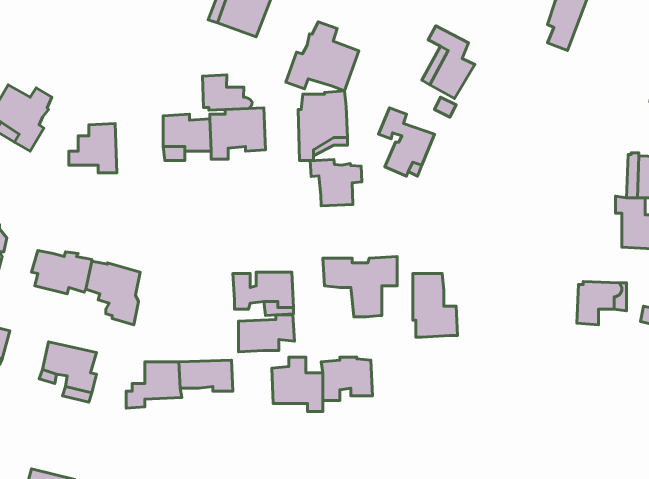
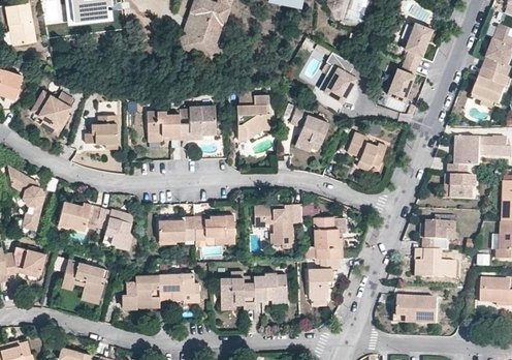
building: [286,22,359,91] -> none
building: none -> [387,62,417,102]
building: [203,75,252,110] -> none
building: none -> [347,131,387,170]
building: [310,160,362,206] -> none
building: [239,315,294,352] -> [158,216,195,241]
building: none -> [416,249,453,279]
building: none -> [309,258,339,297]
building: none -> [394,298,438,326]

